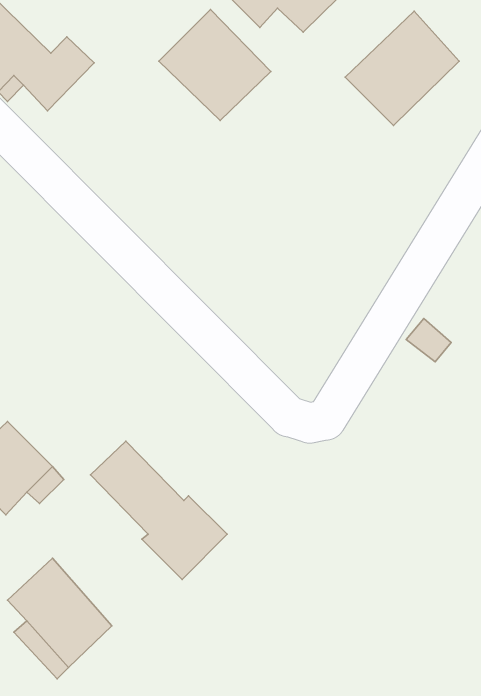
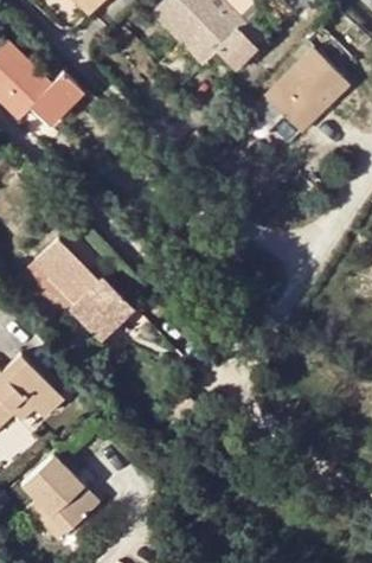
building: [159,10,271,121] -> none
building: [90,441,227,579] -> [32,238,133,340]

